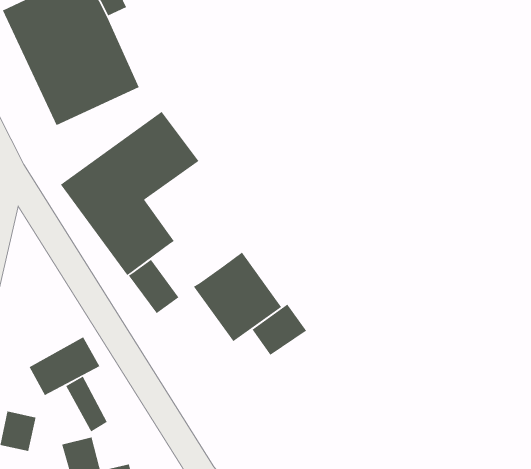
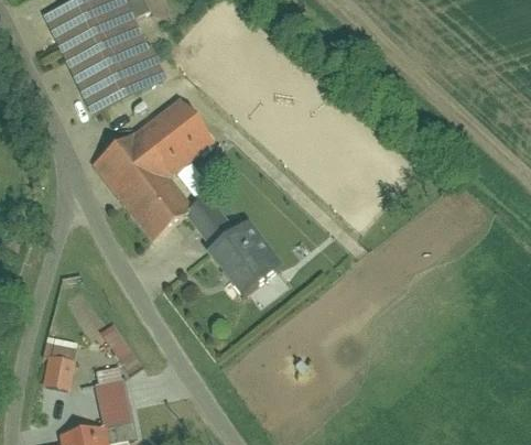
building: [128,259,180,314] -> [188,197,232,245]
building: [251,303,307,356] -> none
building: [28,336,101,396] -> none

